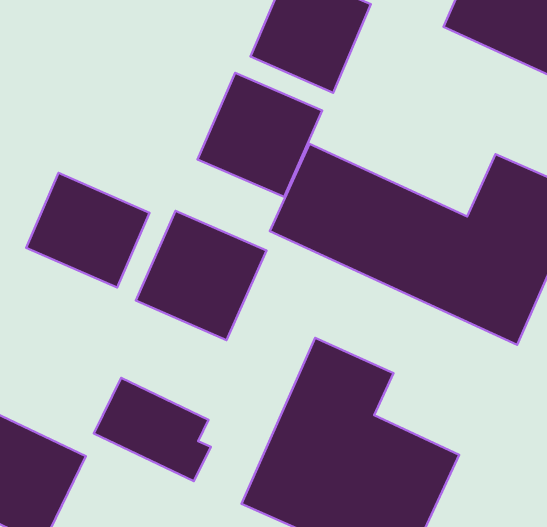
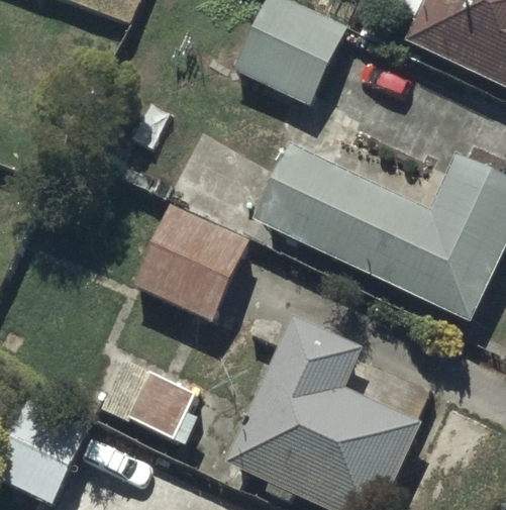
building: [197,73,322,197] -> none
building: [26,173,149,288] -> none

